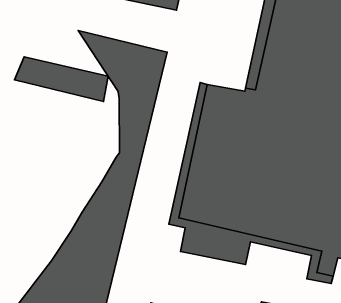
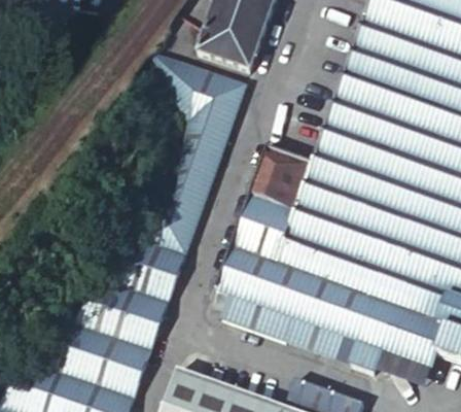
building: [15,57,108,102] -> [148,54,246,111]
building: none -> [289,320,359,367]

